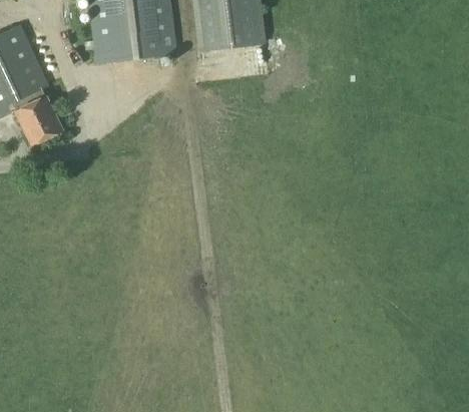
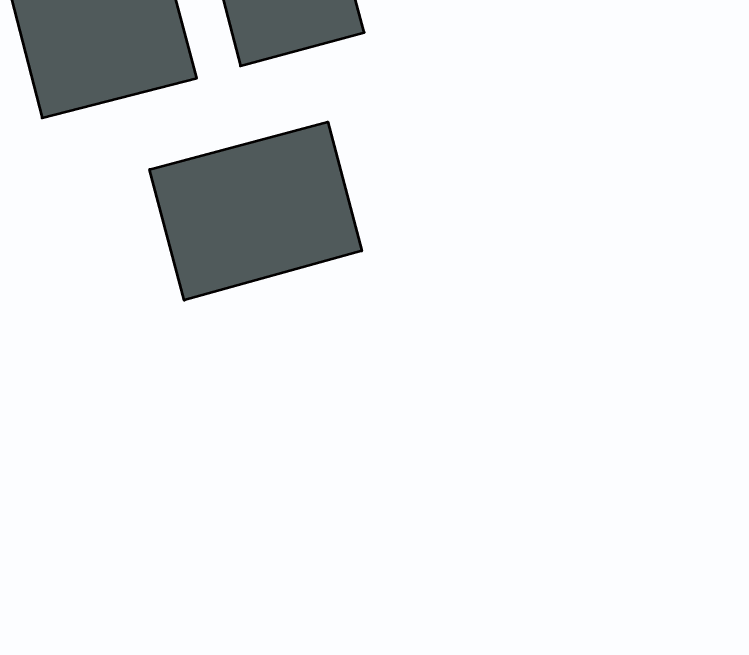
building: none -> [150,122,362,300]

